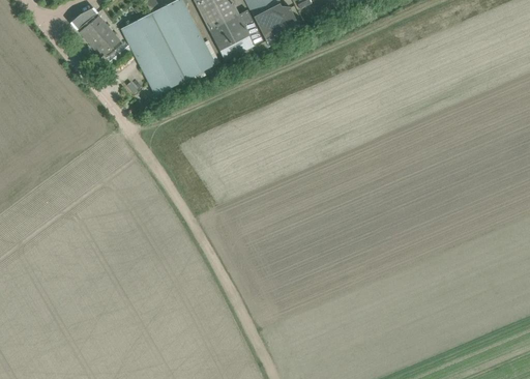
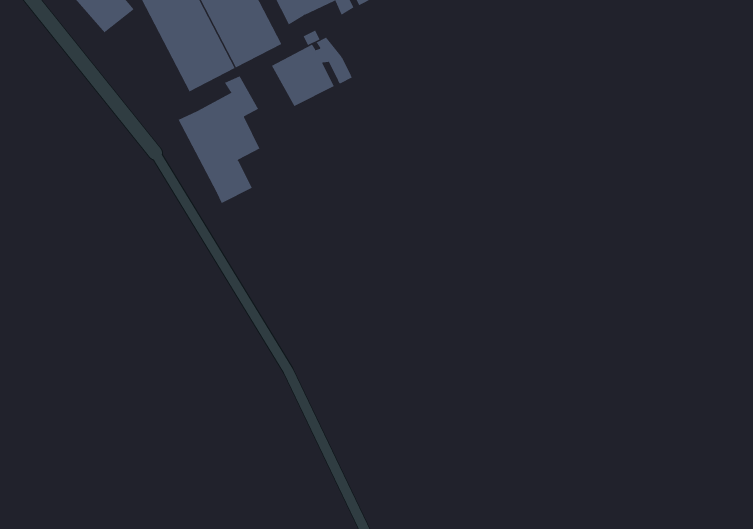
building: none -> [271,37,353,107]
building: none -> [178,75,260,204]

